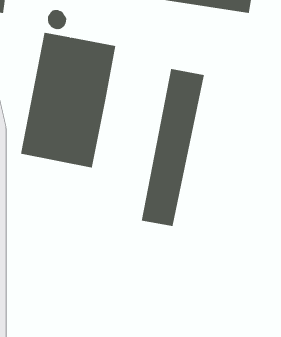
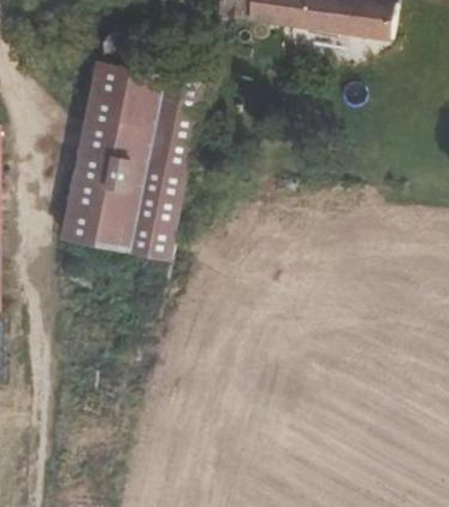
building: [141,68,205,227] -> none

